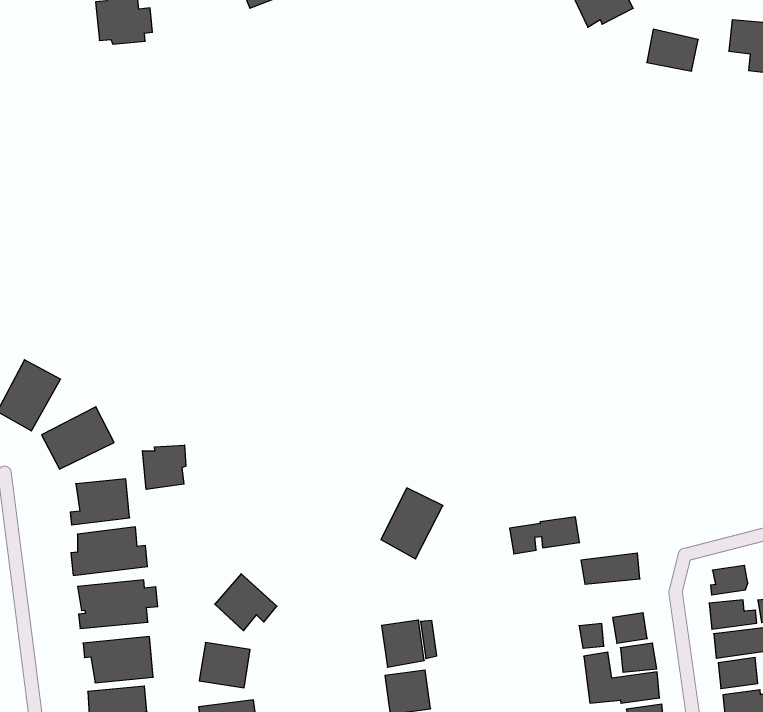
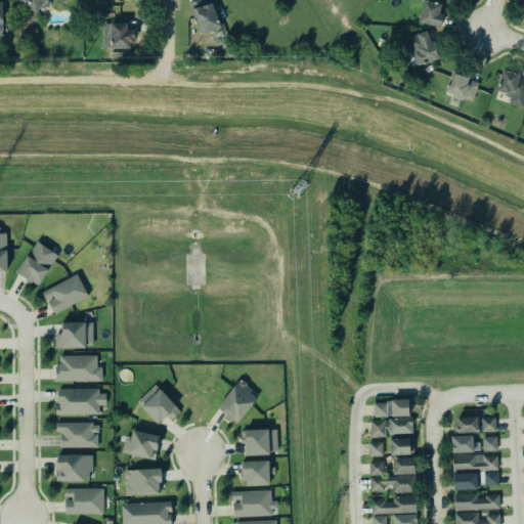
building: [143,445,186,489] -> none
building: [381,488,443,559] -> [219,380,260,425]
building: [510,517,580,554] -> [369,417,412,436]

